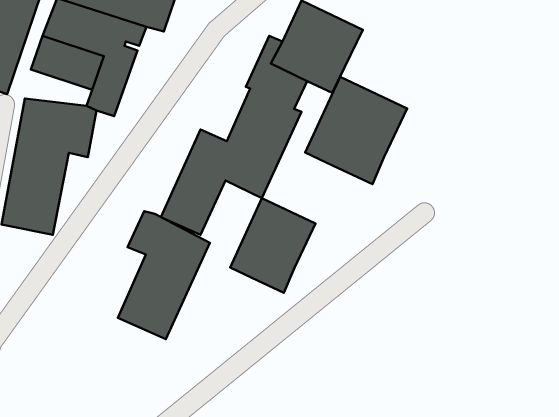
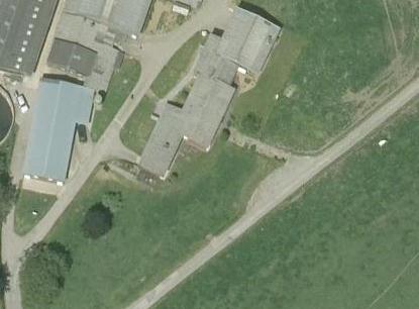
building: [305,77,407,184] -> none
building: [230,198,316,293] -> none
building: [118,211,210,339] -> none

